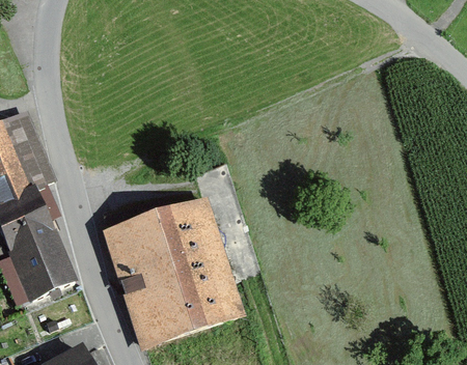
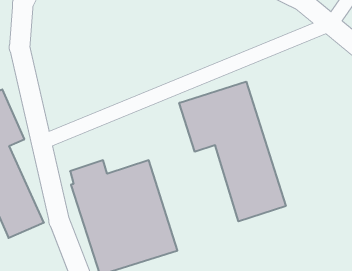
building: none -> [179,82,286,221]

